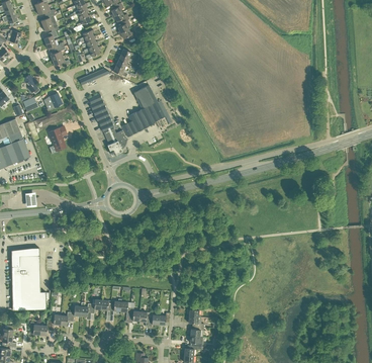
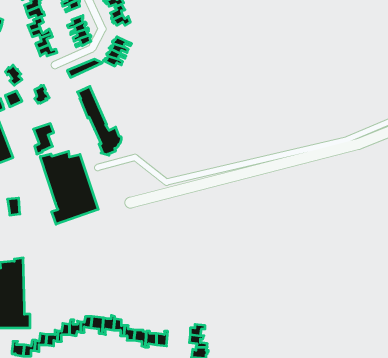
building: [122,85,165,137] -> none
building: none -> [40,151,98,224]

